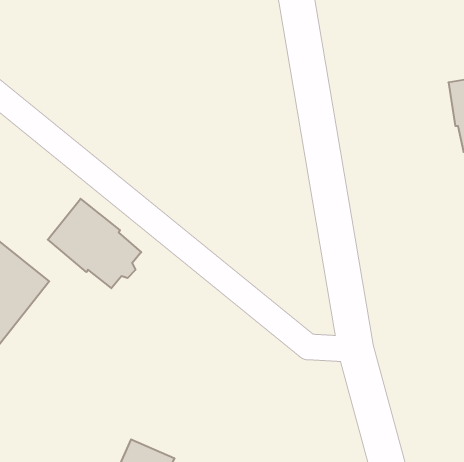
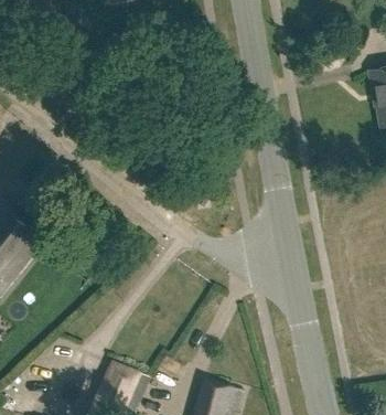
building: [48,199,141,288] -> none

